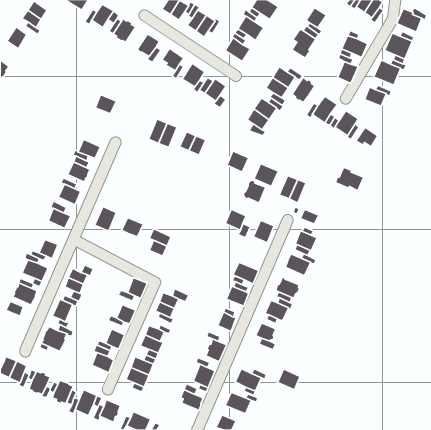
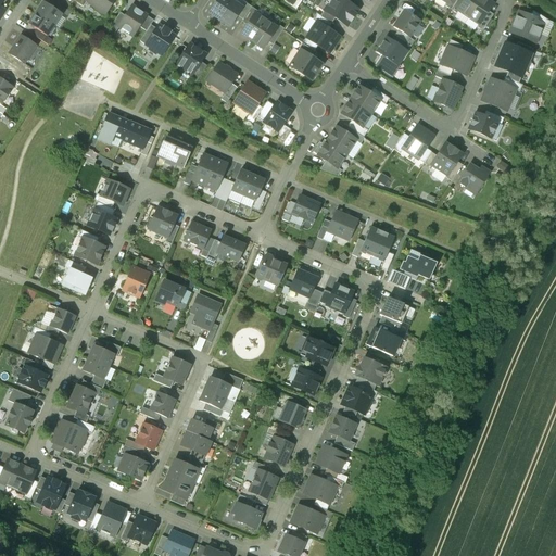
building: [292,77,315,102] -> none
building: none -> [102,113,129,139]
building: none -> [157,138,190,167]
building: none -> [149,207,177,237]
building: [335,167,364,191] -> [400,249,437,279]
building: none -> [184,222,212,249]
building: [243,180,266,203] -> [256,254,286,285]
building: none -> [216,236,245,261]
building: none -> [5,403,33,432]
building: [278,369,300,390] -> [316,445,345,472]

